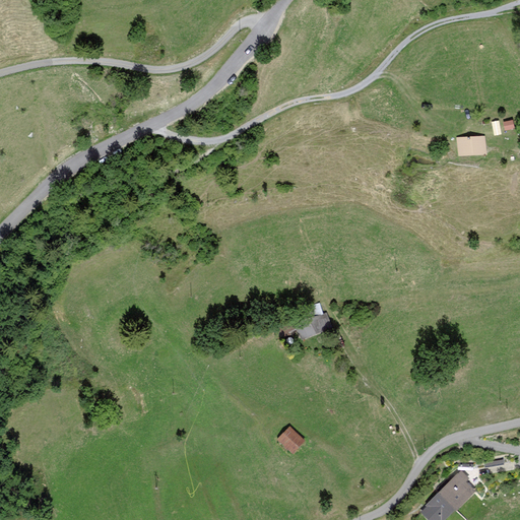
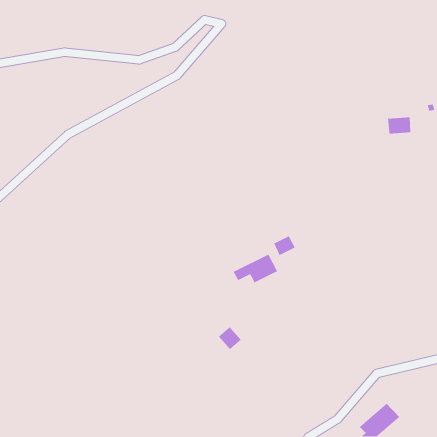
building: none -> [273,235,296,256]
building: [275,421,304,450] -> [218,326,242,350]

